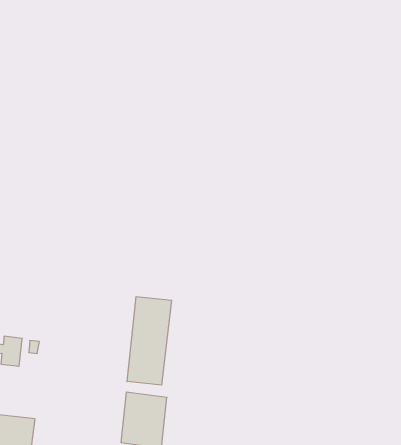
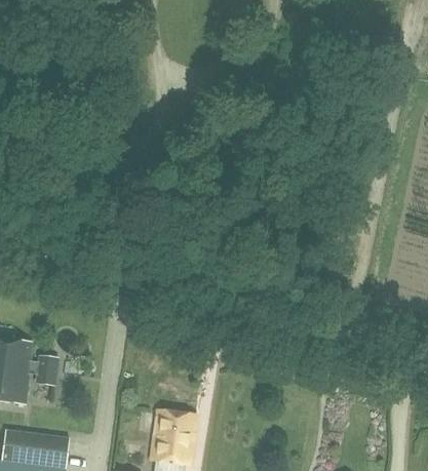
building: [127,297,172,385] -> none

